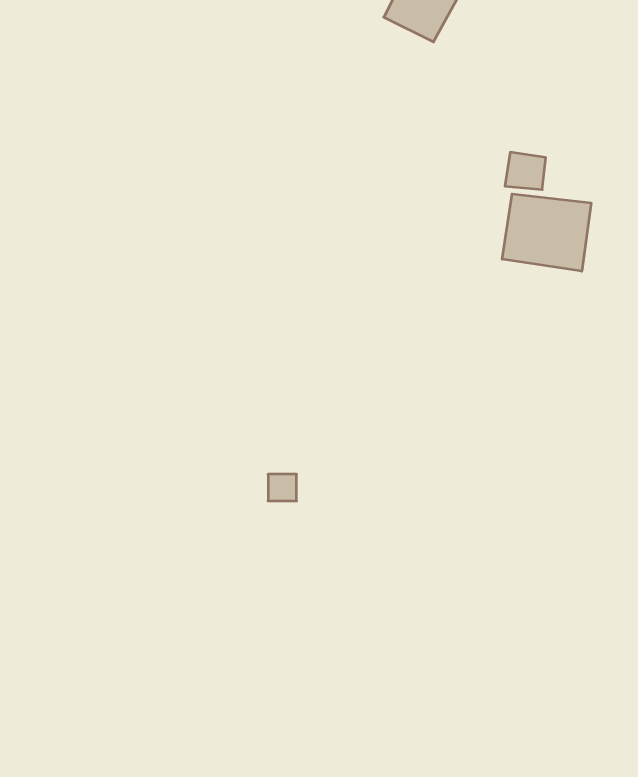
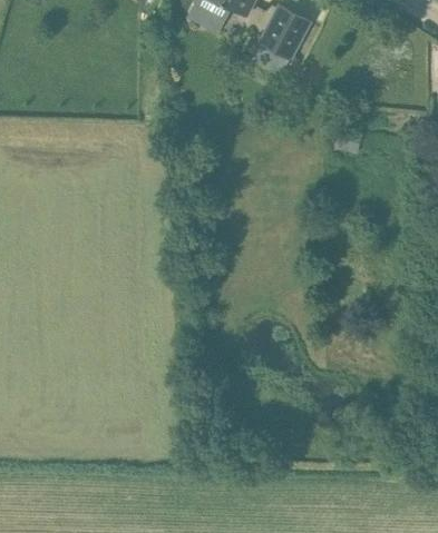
building: [502,194,591,271] -> none

